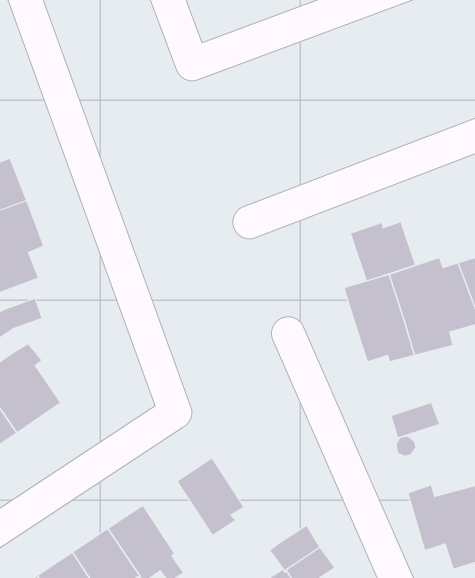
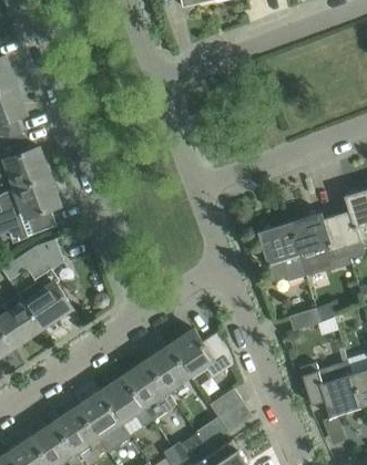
building: [350,221,416,281] -> none
building: none -> [171,330,233,379]
building: none -> [125,360,169,407]

